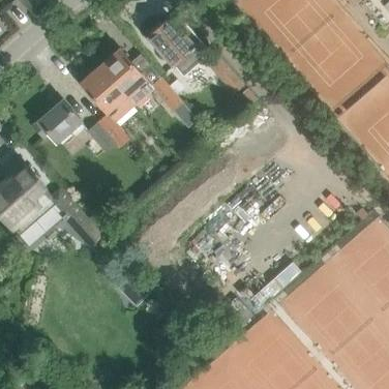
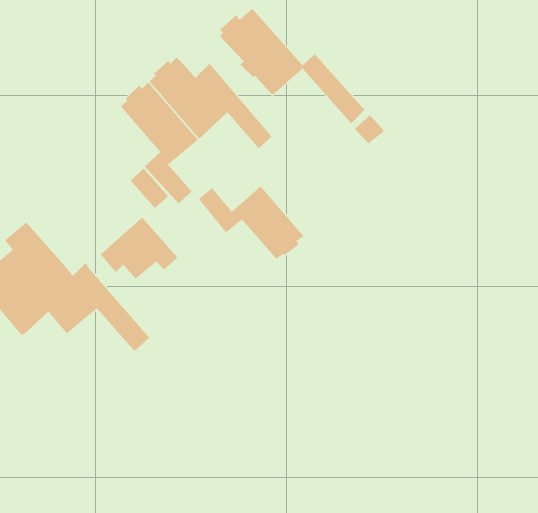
building: [33,100,85,142] -> [100,217,178,280]
building: none -> [198,185,304,260]

